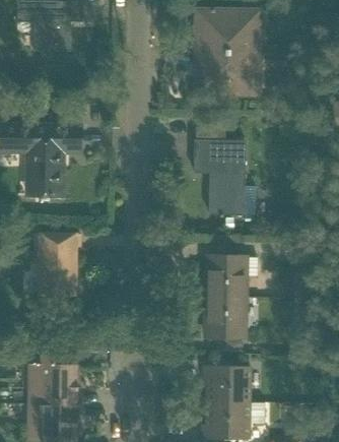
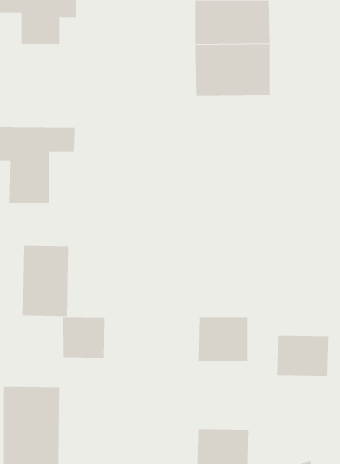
building: [196,141,250,218] -> none
building: [202,252,248,298] -> none
building: none -> [62,317,105,359]
building: [201,363,249,400] -> [276,335,329,377]

